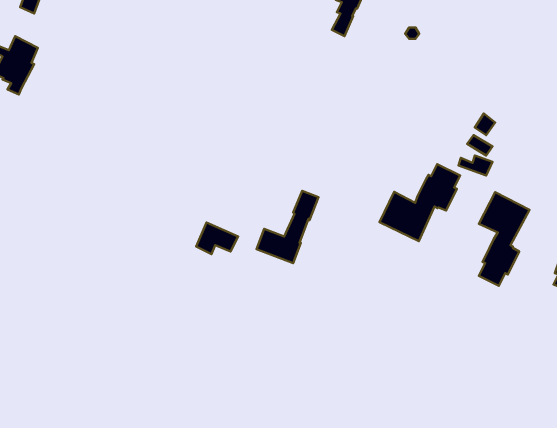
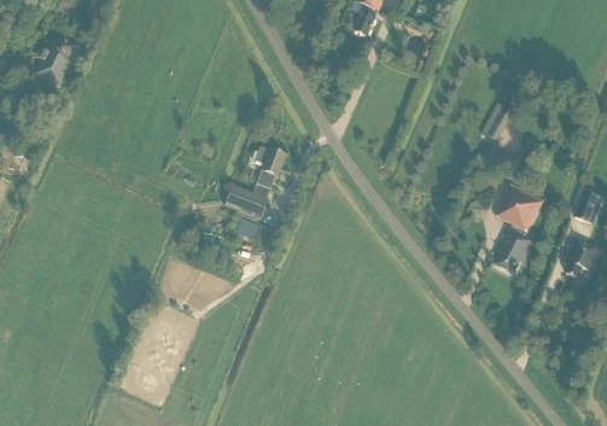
building: [380,164,460,241] -> none
building: [256,191,318,263] -> [226,148,285,217]

